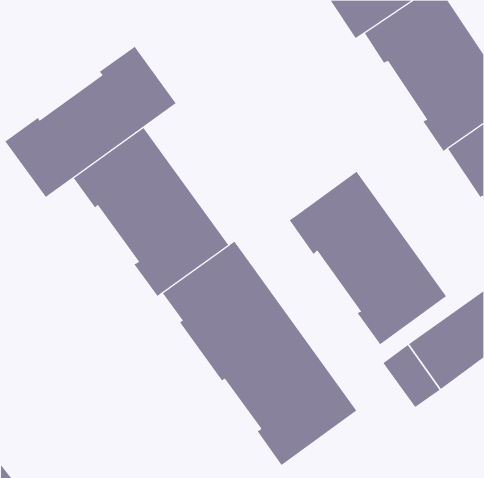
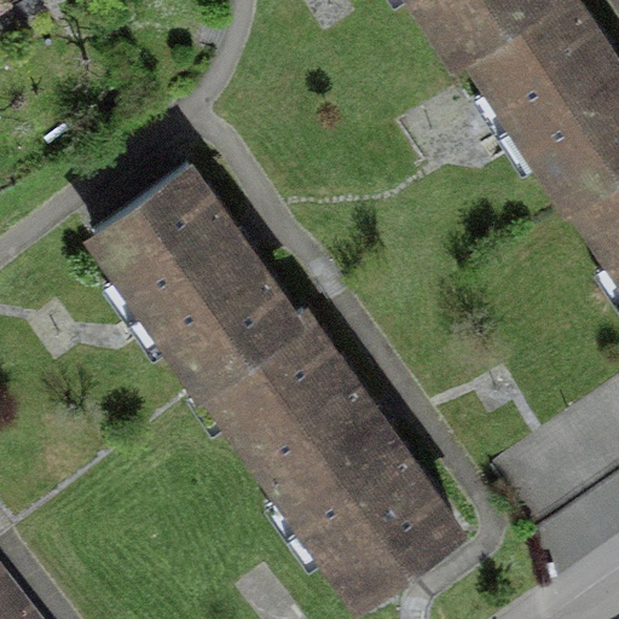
building: [5,46,177,198] -> none
building: [289,171,447,345] -> none

